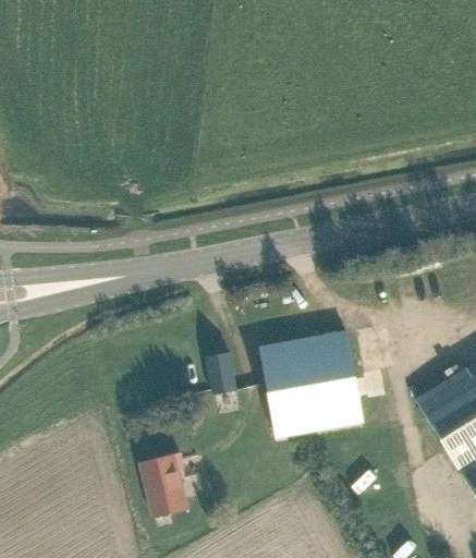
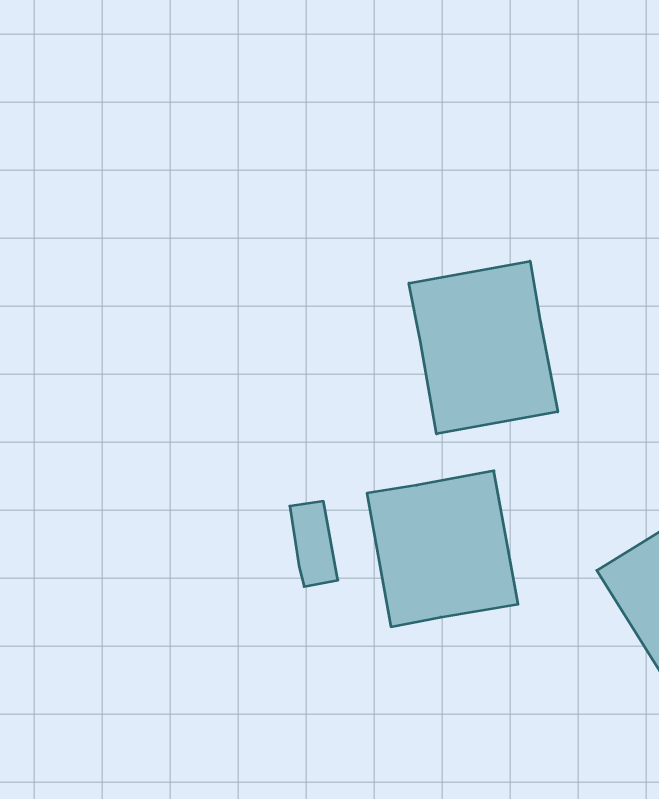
building: none -> [409,261,558,434]
building: [142,452,188,515] -> none

